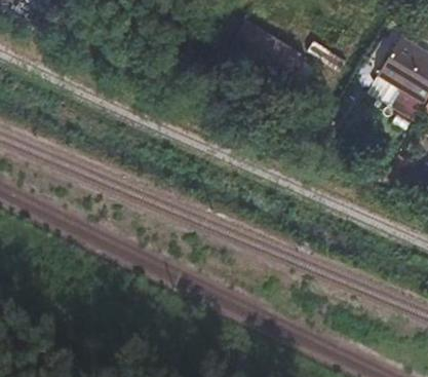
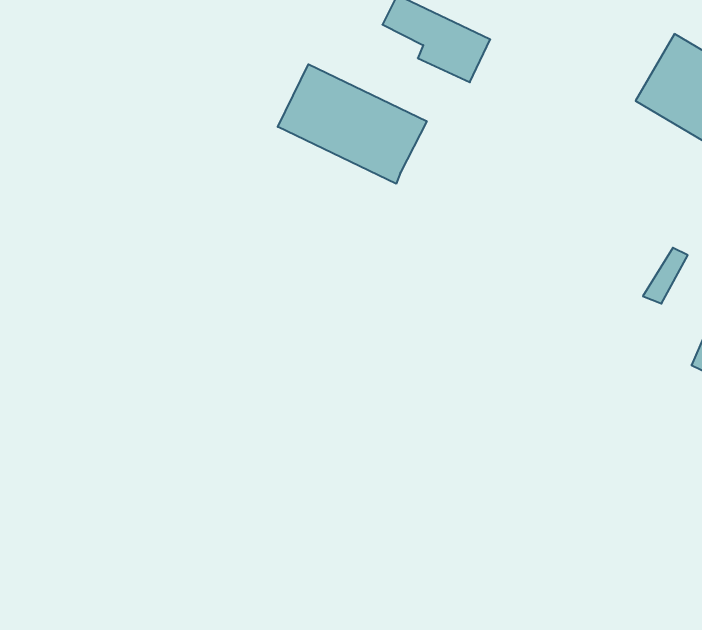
building: none -> [278,64,427,184]

